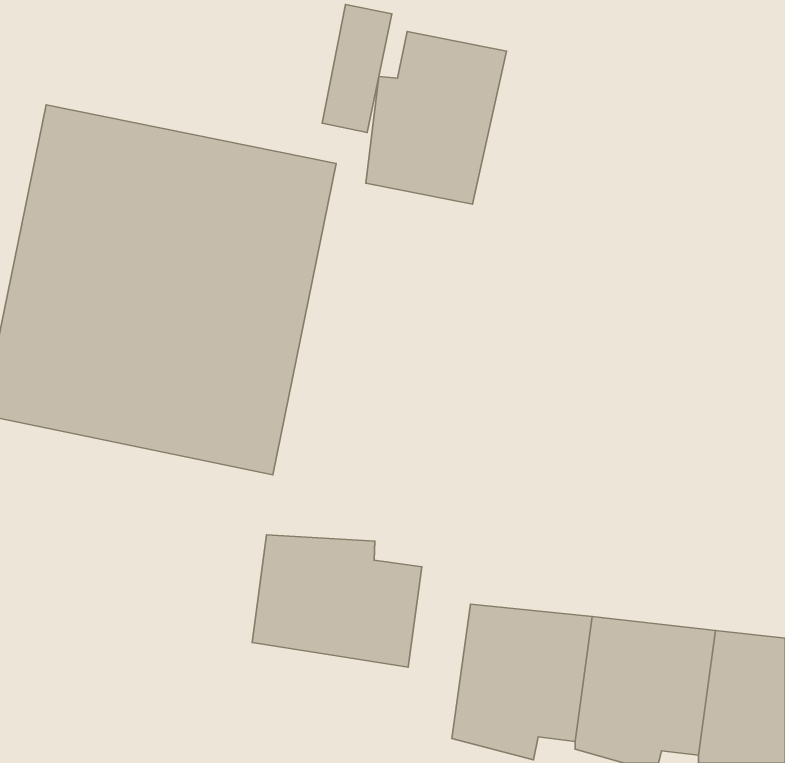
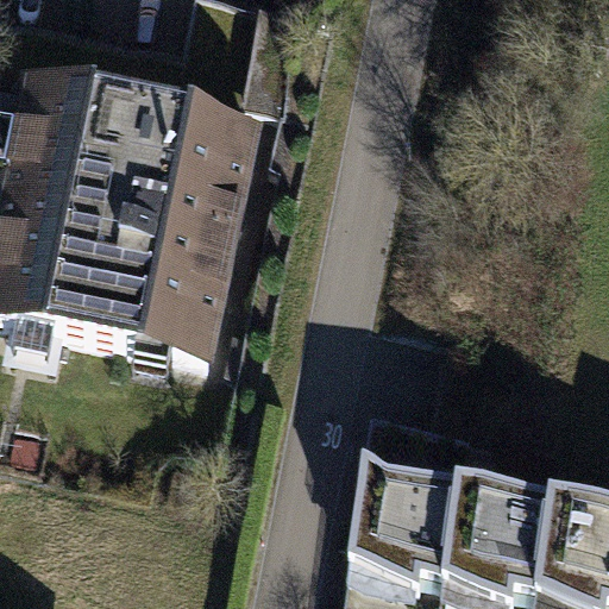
building: [366,31,507,204] -> none
building: [252,535,422,667] -> none

